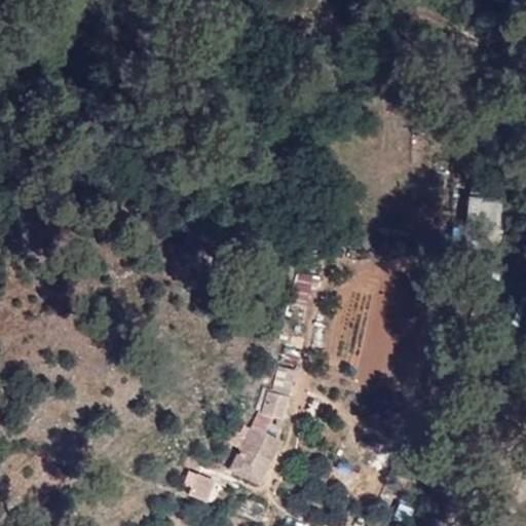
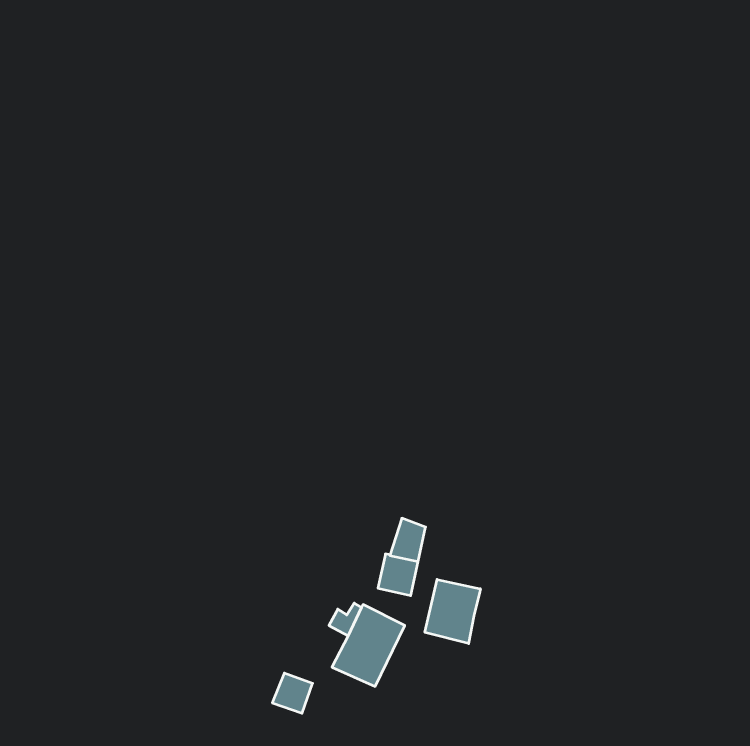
building: none -> [425,579,480,644]

